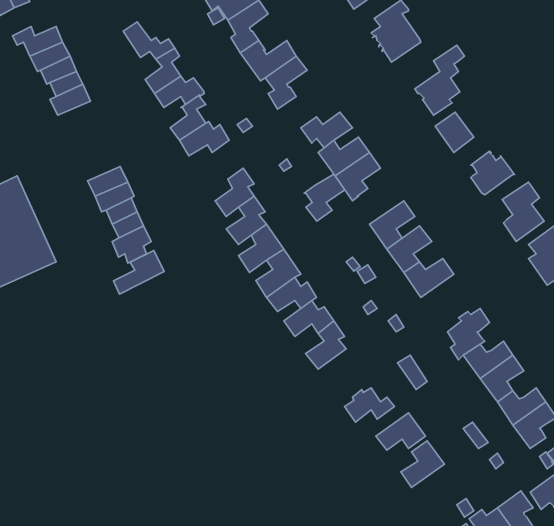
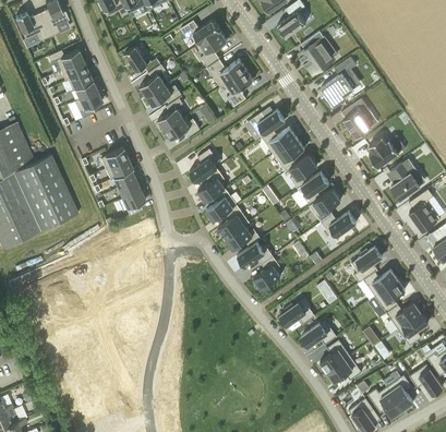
building: [304,174,345,221] -> [289,155,317,188]
building: [114,250,164,294] -> none
building: none -> [327,356,362,382]

